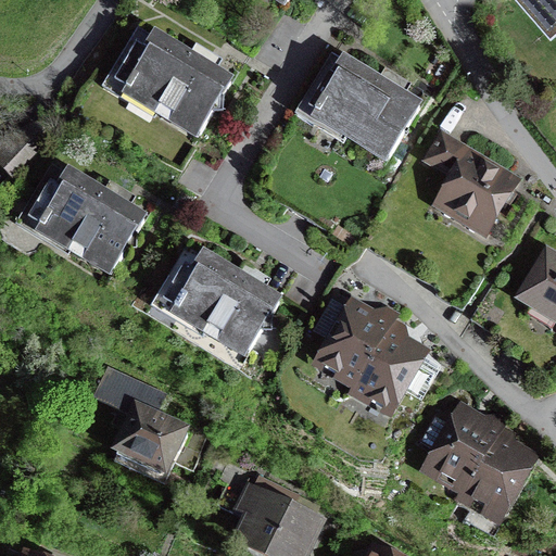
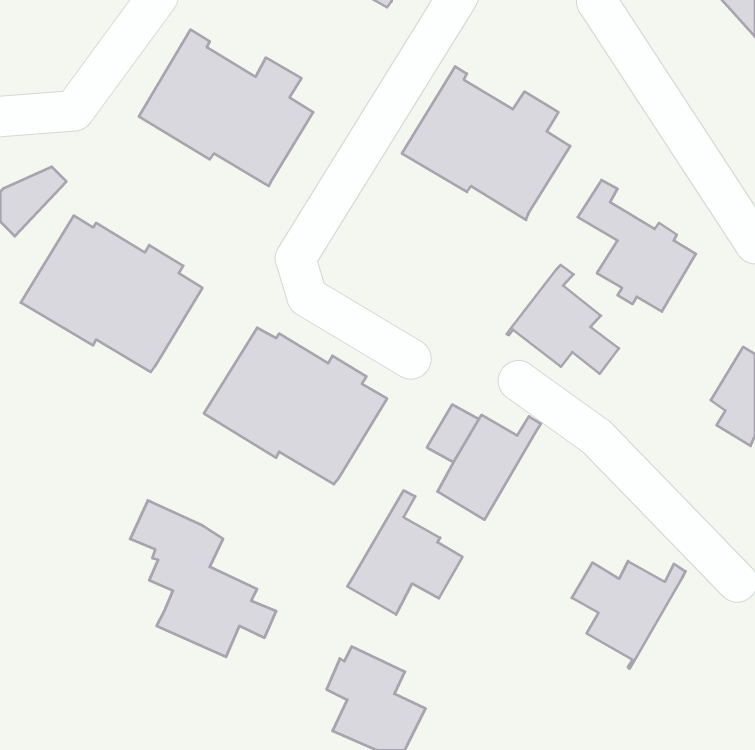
building: none -> [507,265,619,374]
building: [353,317,438,408] -> [347,491,462,615]
building: [463,425,530,513] -> none

